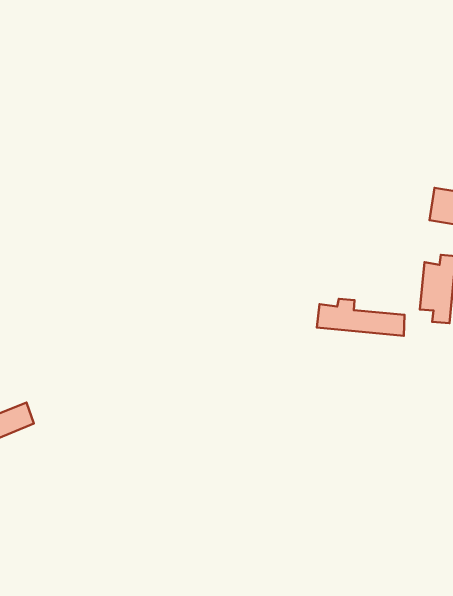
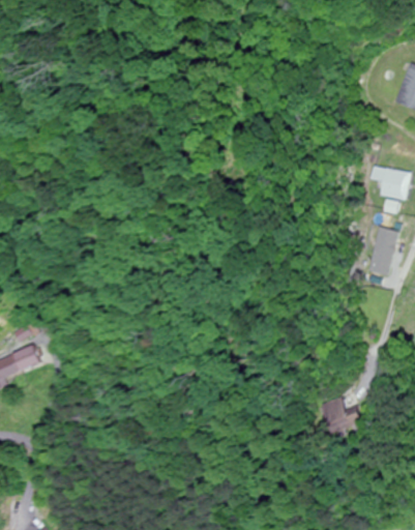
building: [317,299,405,336] -> none
building: none -> [323,399,368,435]

